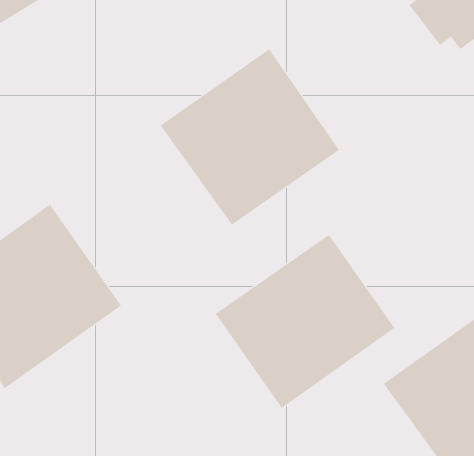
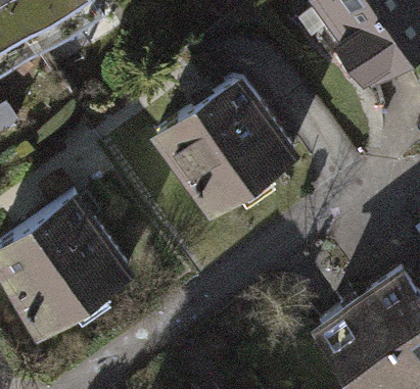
building: [215,234,395,409] -> none

